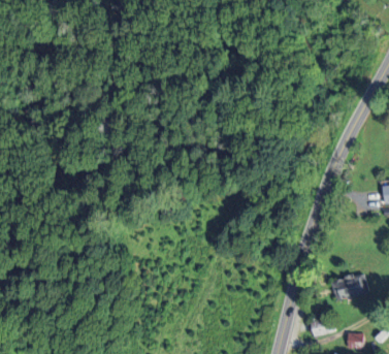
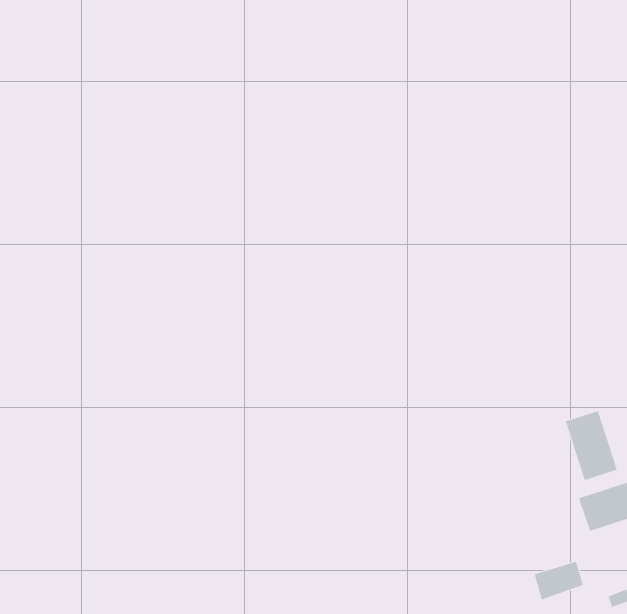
building: none -> [565,410,618,481]

